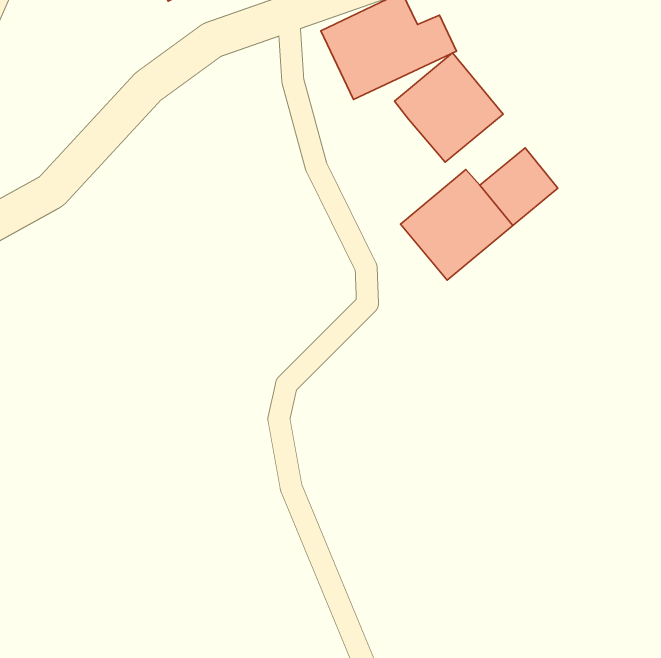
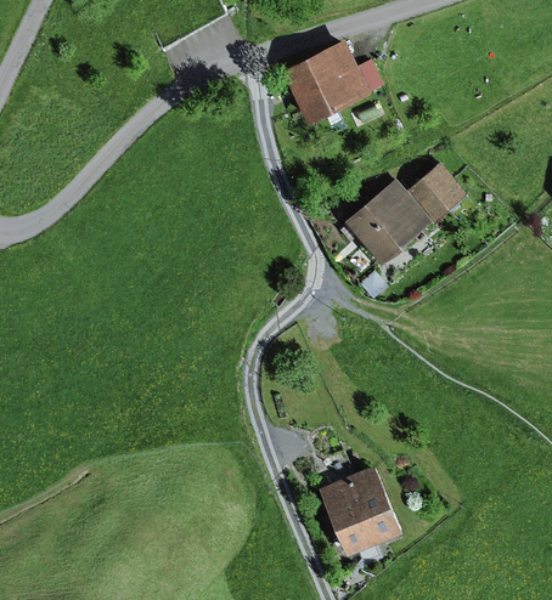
building: [394,53,503,162] -> none
building: none -> [321,459,407,550]

